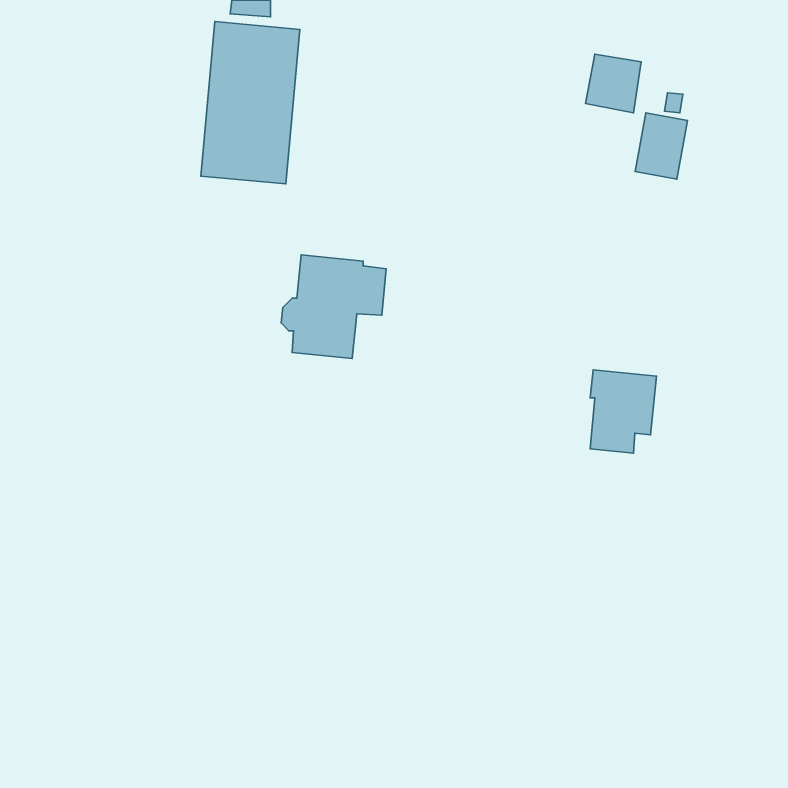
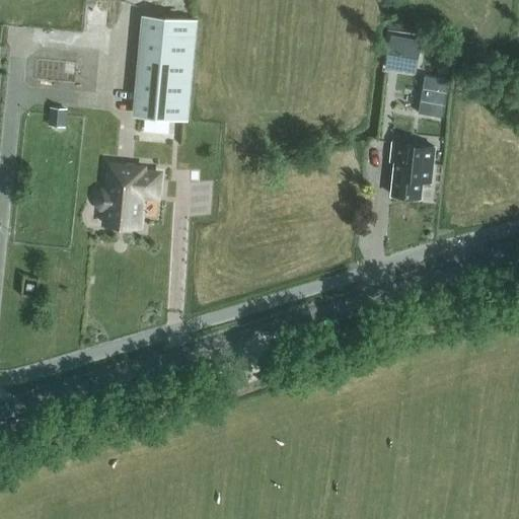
building: [281,255,386,359] -> [94,163,163,231]
building: [590,370,657,453] -> [391,144,435,199]

